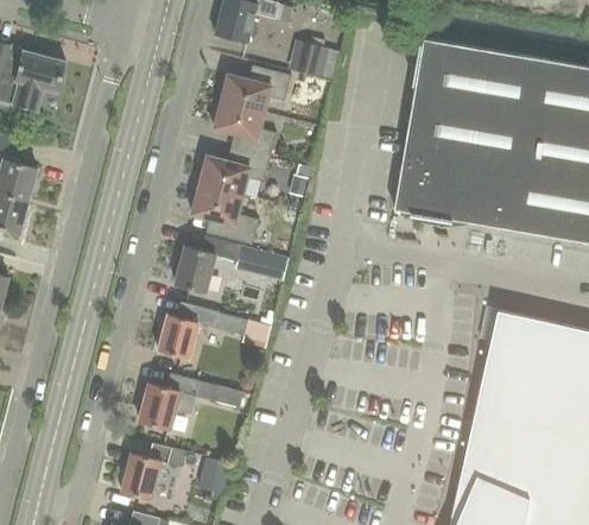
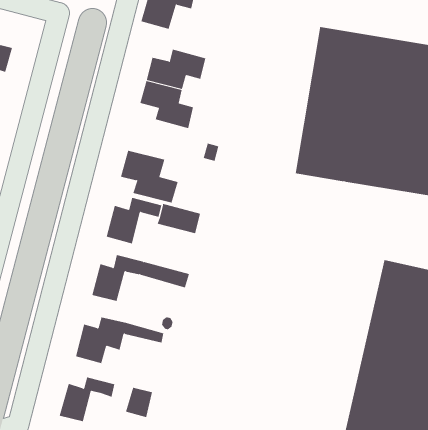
building: [289,42,328,77] -> none
building: [200,147,271,194] -> none

